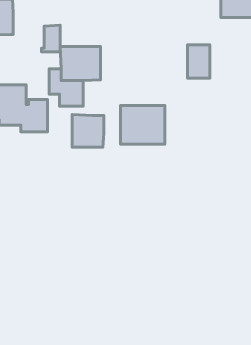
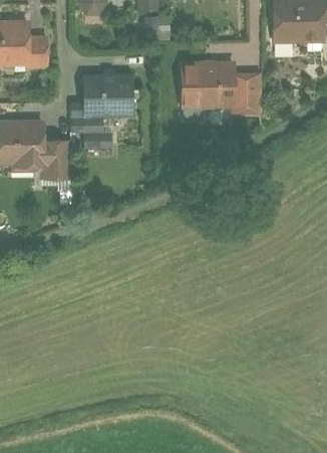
building: [41,25,60,52] -> [25,35,47,66]
building: [120,106,165,144] -> [181,62,233,107]
building: [72,115,104,147] -> none

